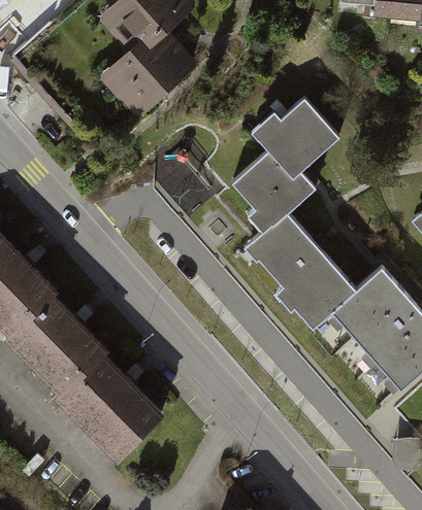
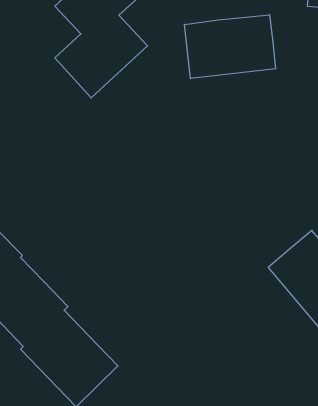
building: none -> [184,15,276,79]
building: [232,98,357,327] -> none

